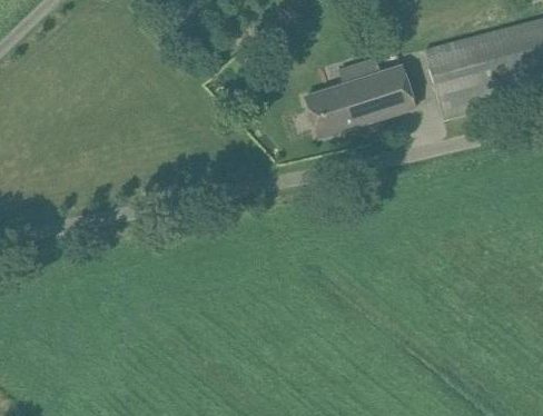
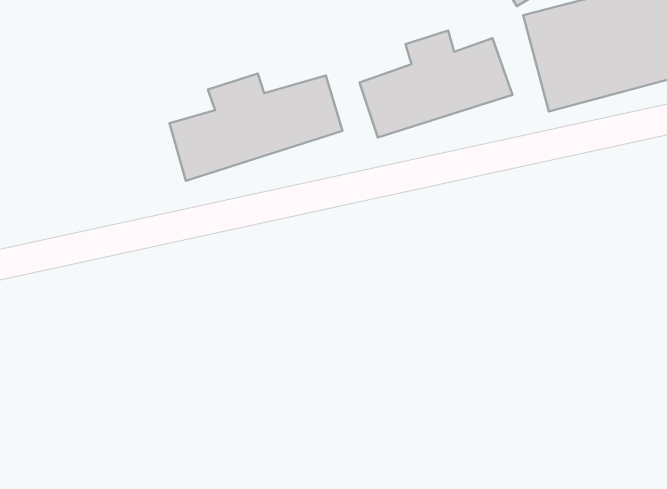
building: none -> [170,74,343,181]

